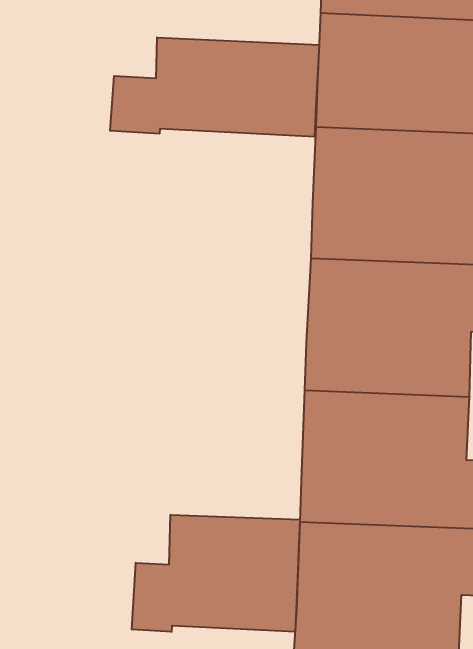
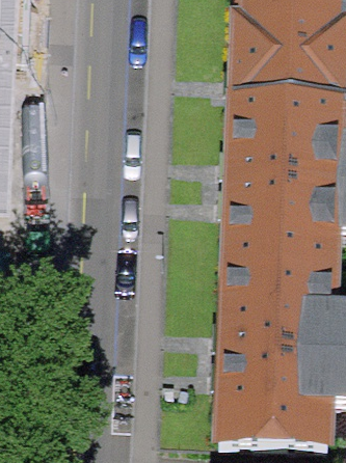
building: [110,37,319,137] -> none
building: [132,515,300,632] -> none

